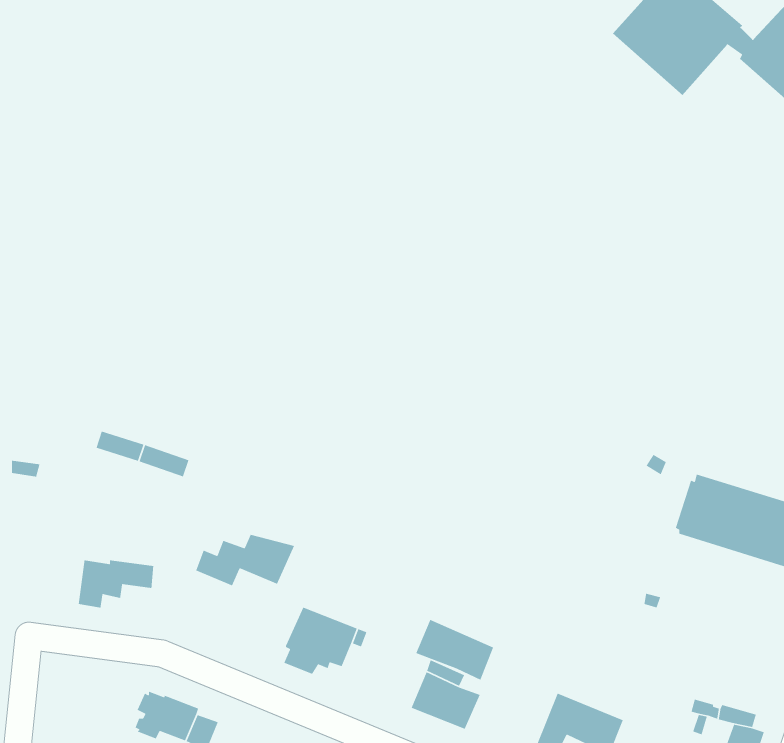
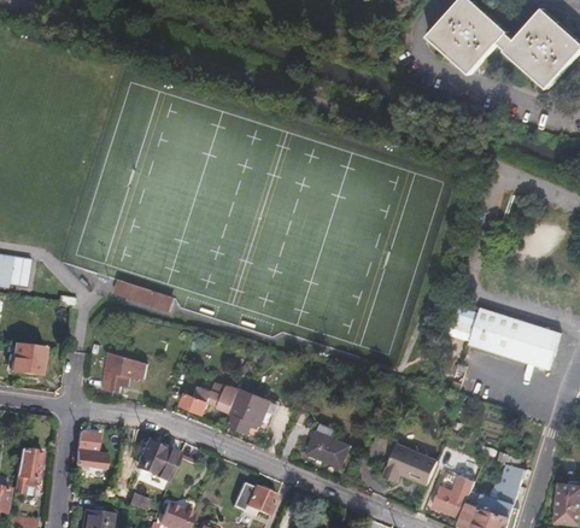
building: [195,534,295,587] -> [180,382,241,415]
building: [415,619,494,681] -> none
building: none -> [76,427,99,468]

